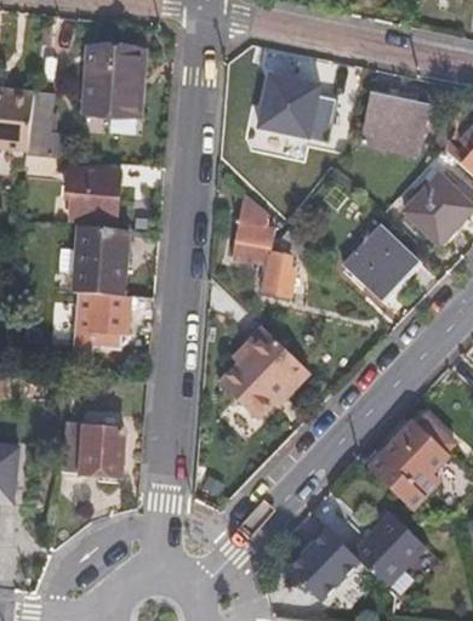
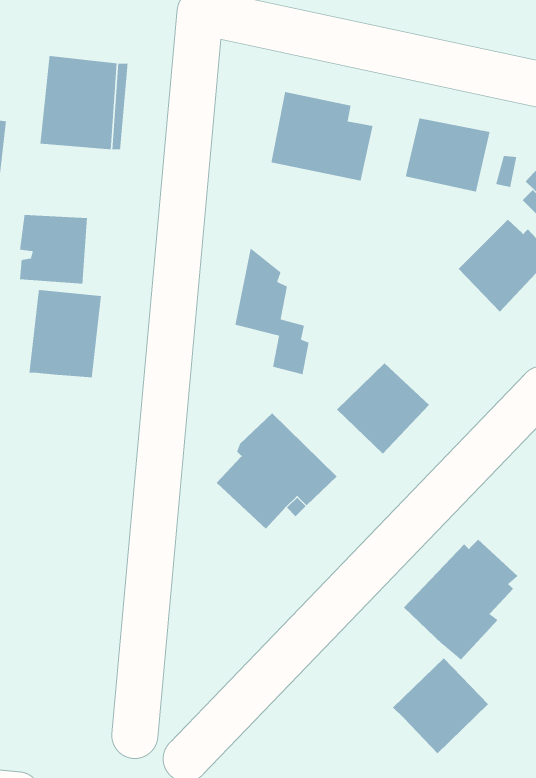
building: [344,227,417,298] -> [336,363,430,455]
building: [72,292,131,355] -> none
building: [62,423,122,479] -> none
building: [289,526,363,599] -> none

